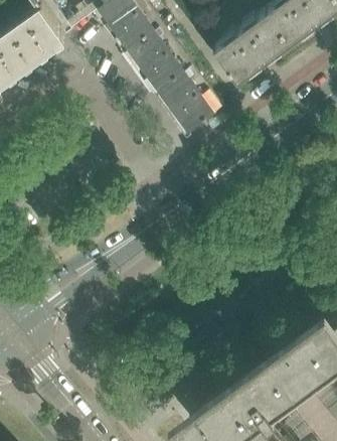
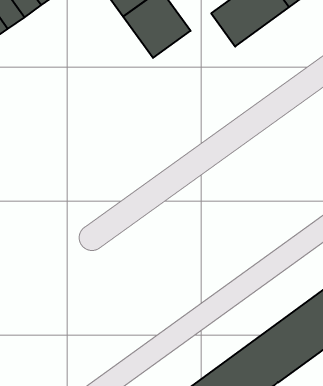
building: [159,72,225,140] -> none

